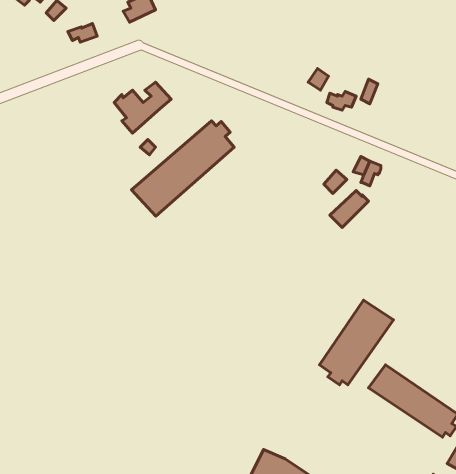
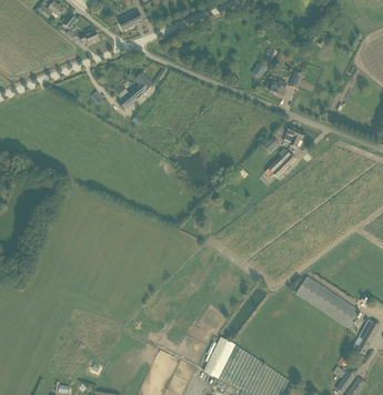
building: [131,121,234,216] -> none
building: [319,300,394,385] -> none

